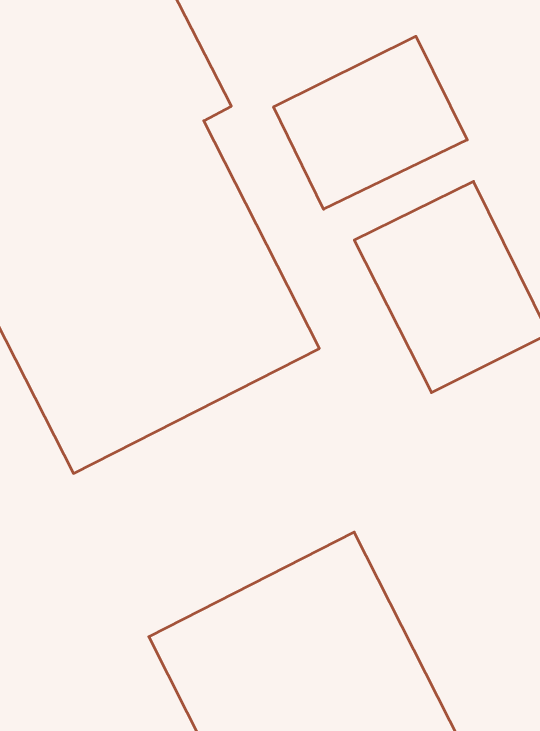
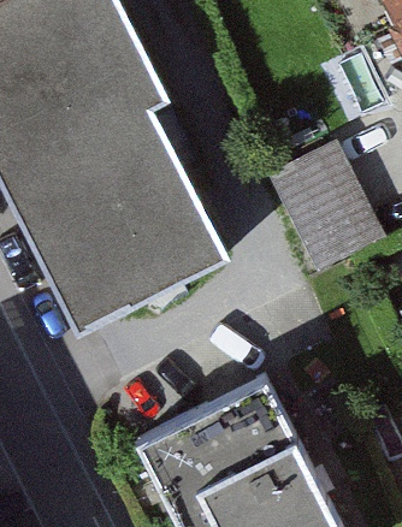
building: [274,36,467,209] -> none

